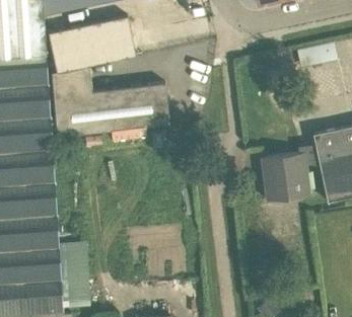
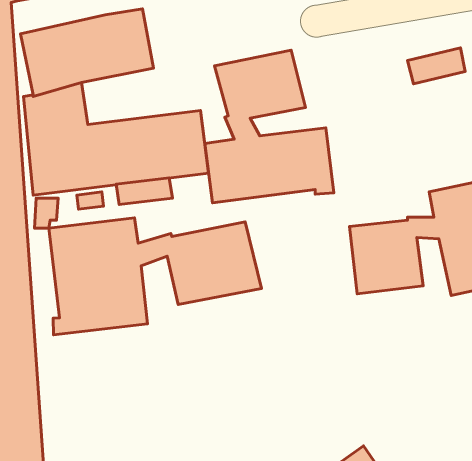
building: none -> [205,50,334,203]
building: none -> [49,218,261,335]

